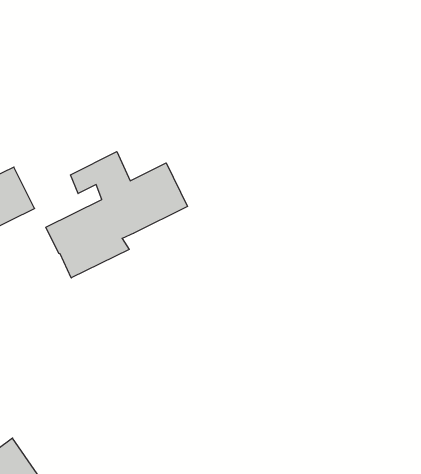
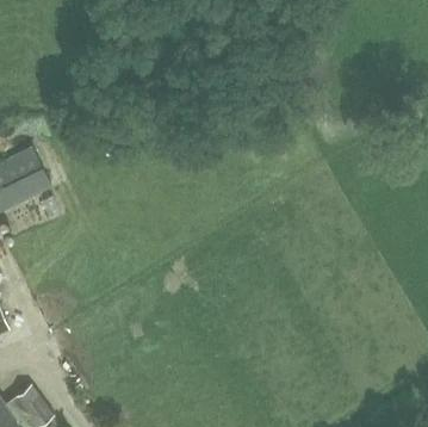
building: [46,152,187,278] -> none

